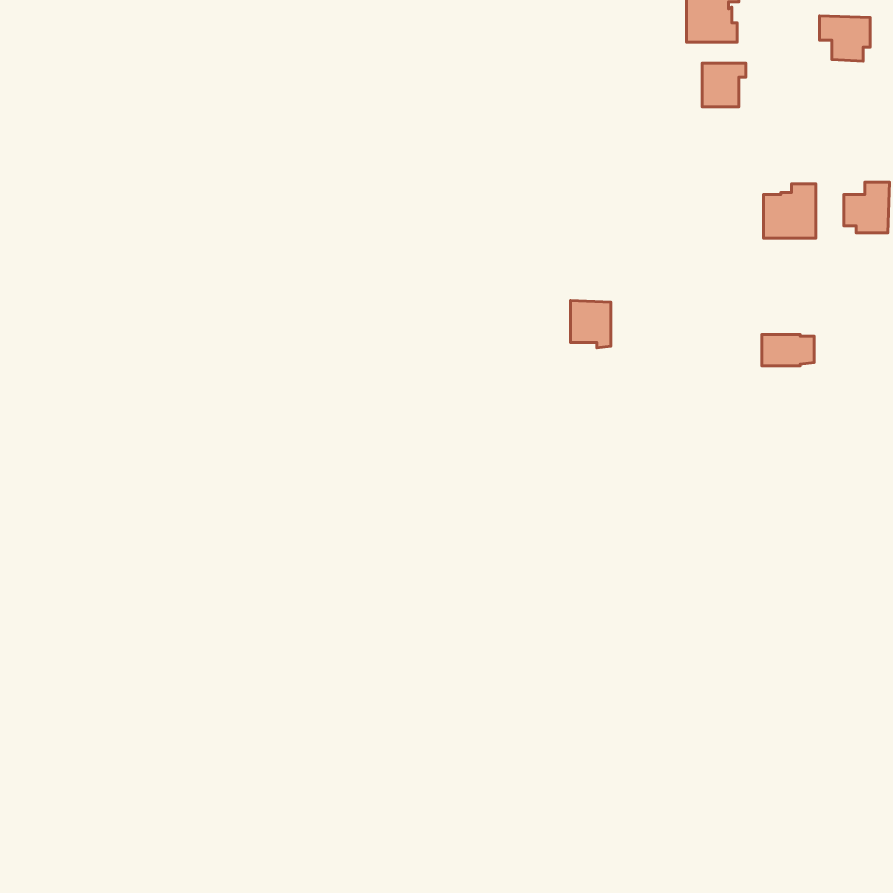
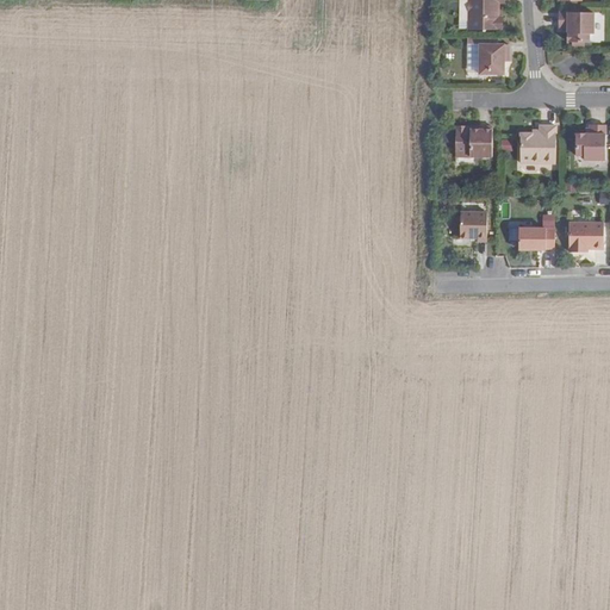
building: none -> [454,125,491,156]
building: [571,300,611,348] -> [459,210,486,242]
building: none -> [568,222,603,251]

